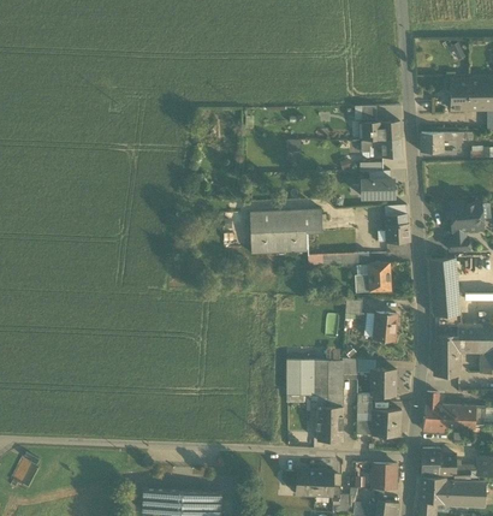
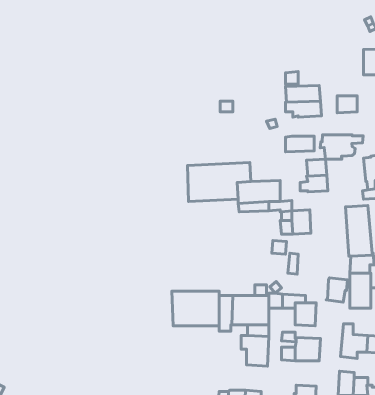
building: none -> [320,135,363,159]
building: [374,312,398,339] -> [326,278,347,302]
building: none -> [172,291,219,326]

